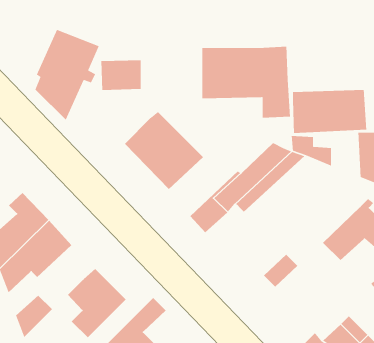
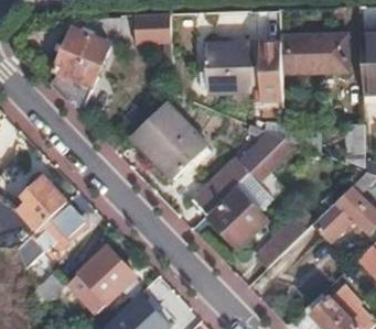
building: [100,59,141,91] -> [136,13,173,42]
building: [292,89,367,134] -> [281,34,350,75]
building: none -> [207,190,266,248]

